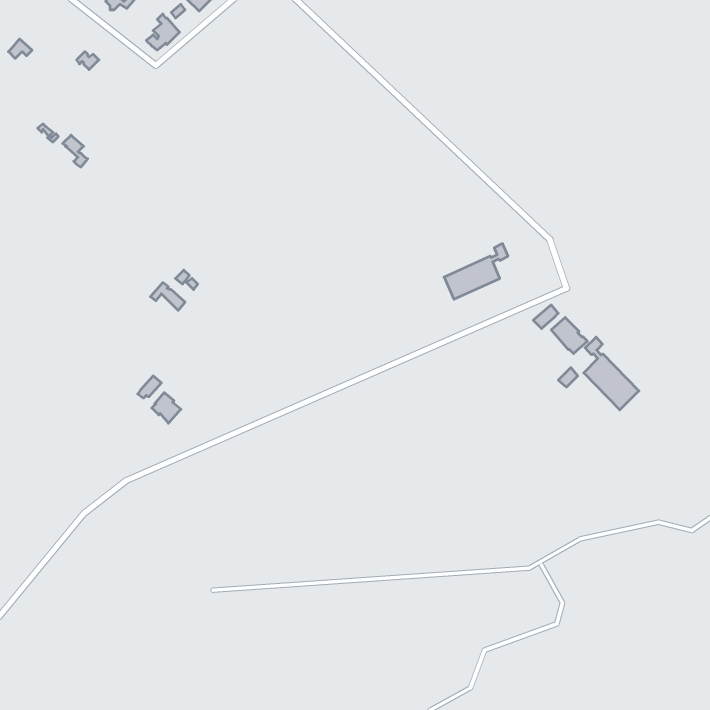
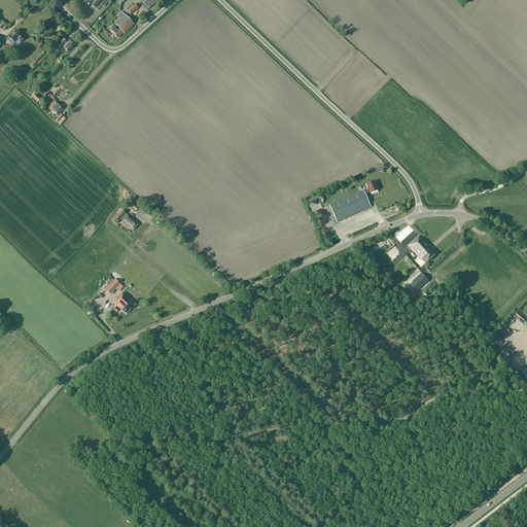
building: [584,337,639,410] -> none

